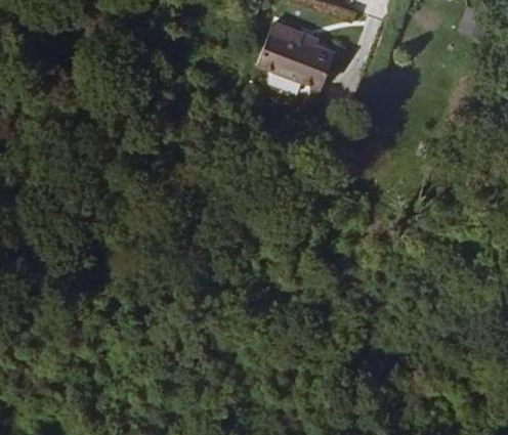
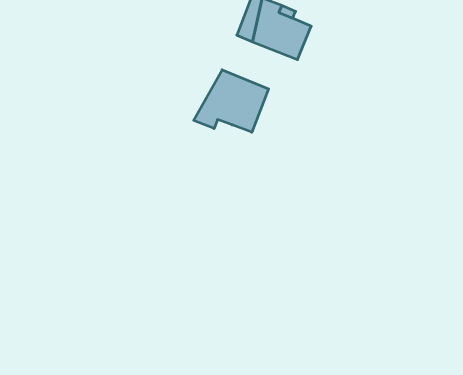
building: none -> [194,70,269,132]

